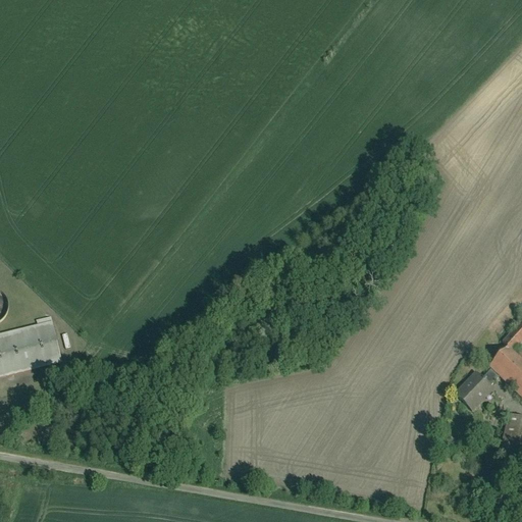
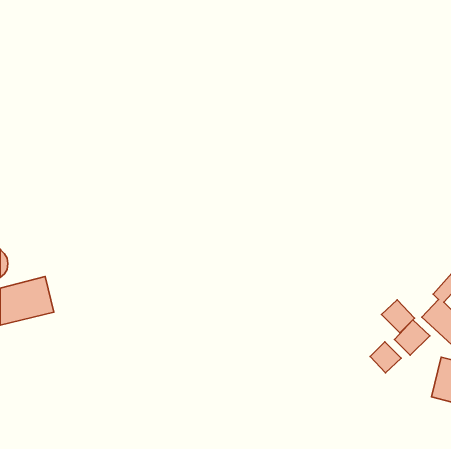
building: none -> [382,300,414,333]
building: none -> [370,342,401,373]

